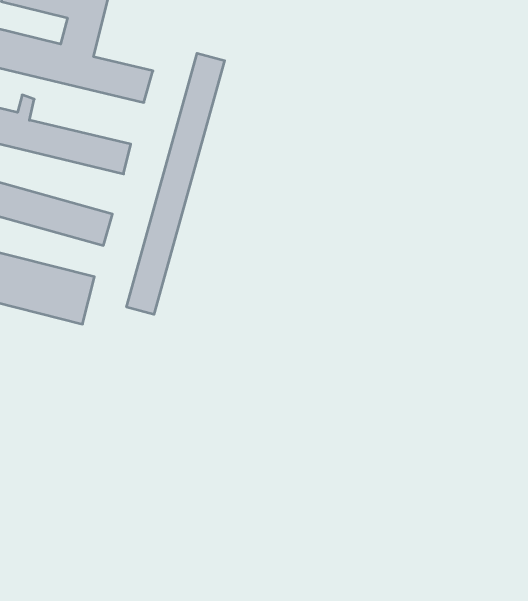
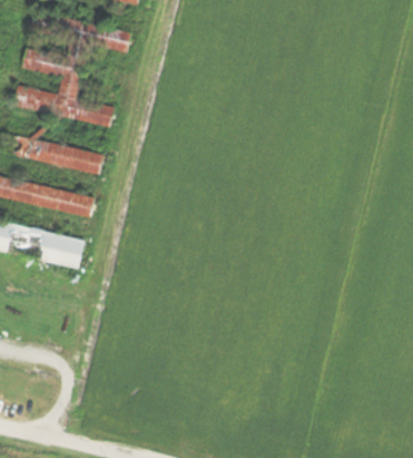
building: [127,53,225,314] -> none

